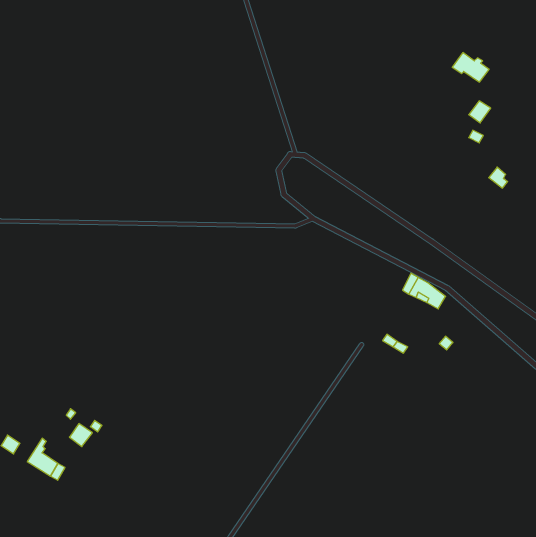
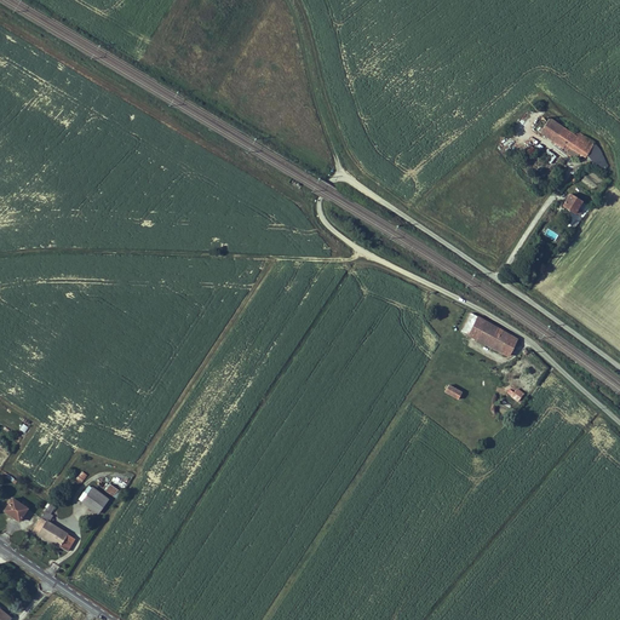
building: [452,53,489,82] -> [555,125,597,159]

